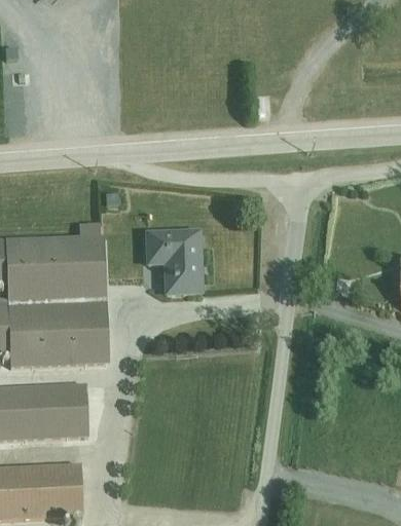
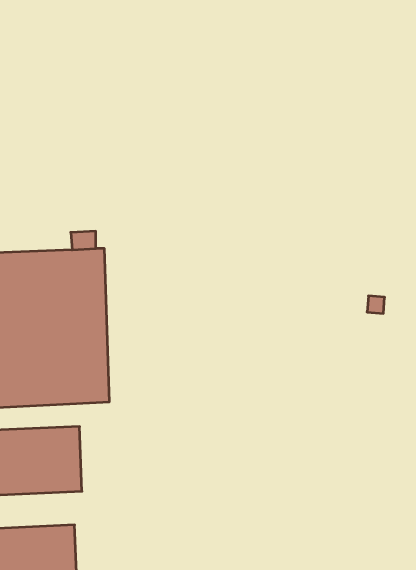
building: [146,231,200,294] -> none

